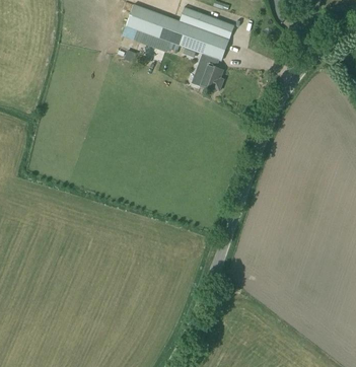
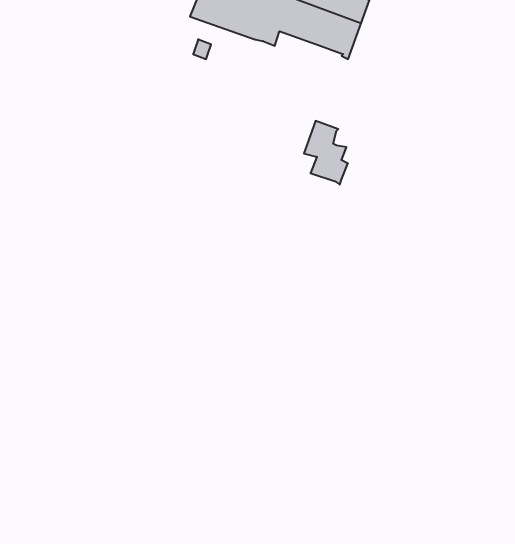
building: [195,53,222,92] -> [304,121,348,185]

